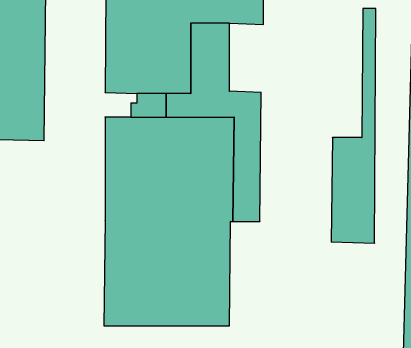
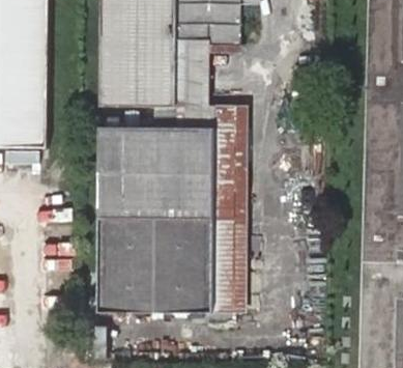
building: [331,9,376,243] -> [209,106,249,313]

